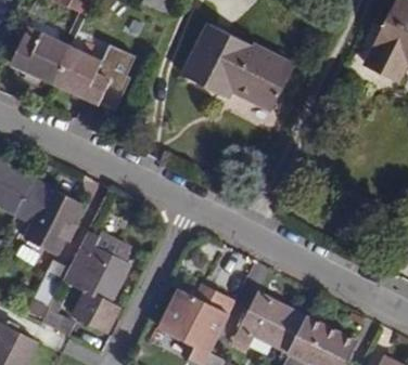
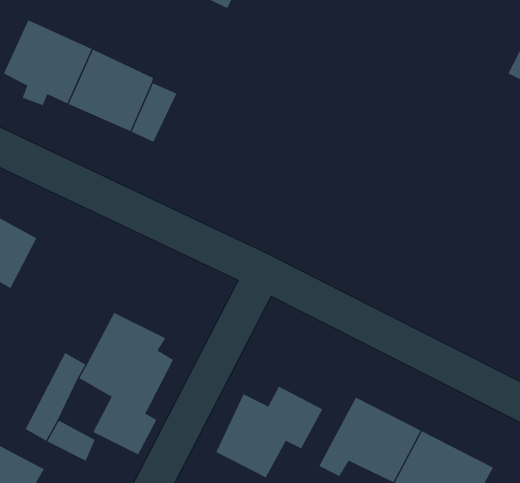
building: [183,26,295,110] -> none
building: [15,179,84,255] -> none

